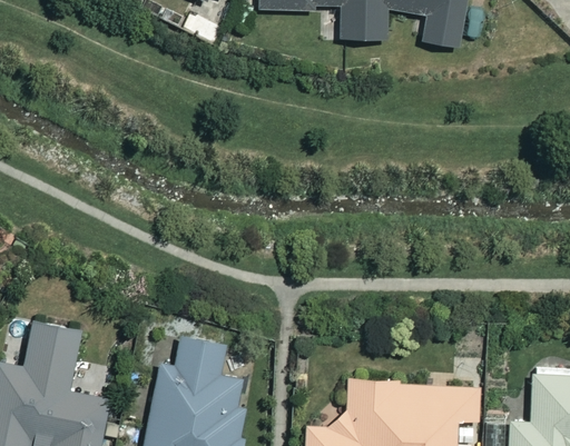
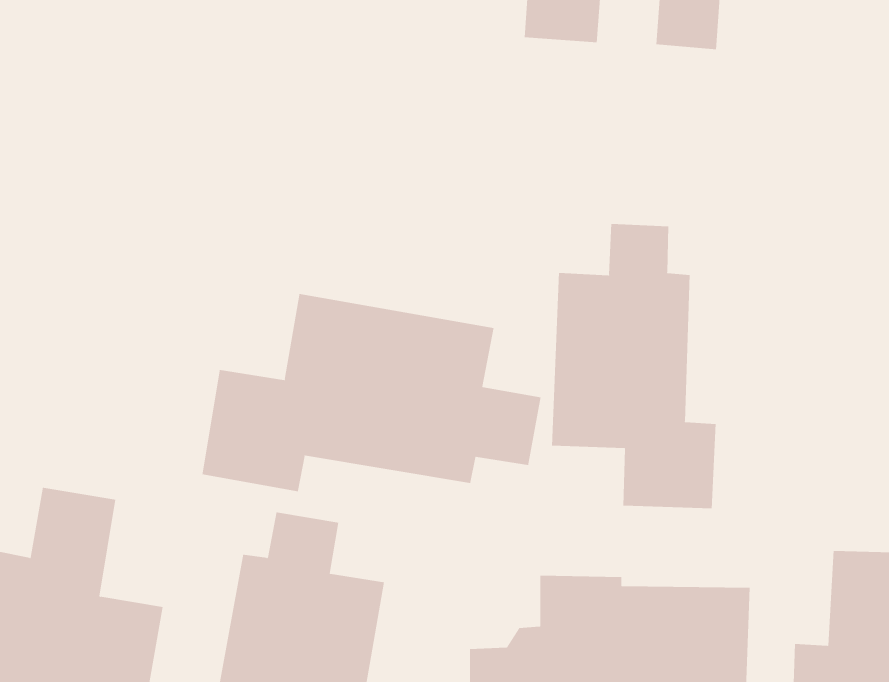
building: none -> [552,223,716,509]
building: none -> [202,293,541,492]

